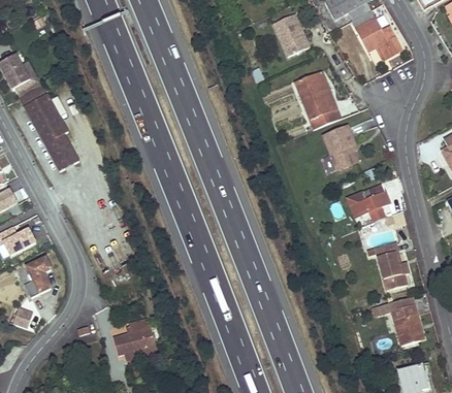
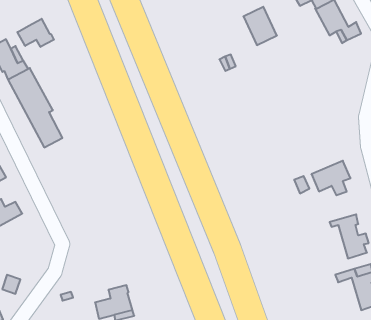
building: none -> [17,19,54,47]
building: [295,74,341,130] -> none
building: [324,126,358,169] -> none
building: [24,257,51,297] -> none

